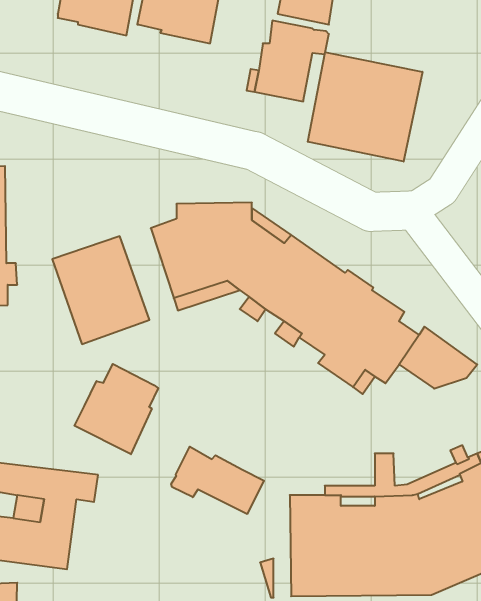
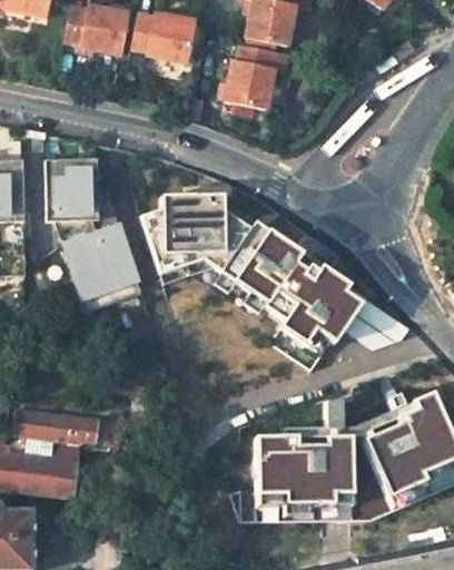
building: [308,52,422,162] -> none
building: none -> [42,164,96,226]
building: [74,364,158,454] -> none
building: [171,447,264,514] -> none

